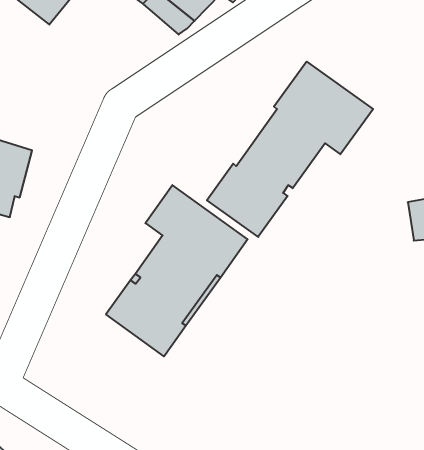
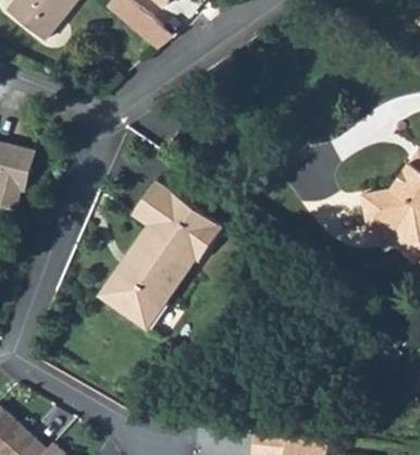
building: [207,62,373,237] -> none

